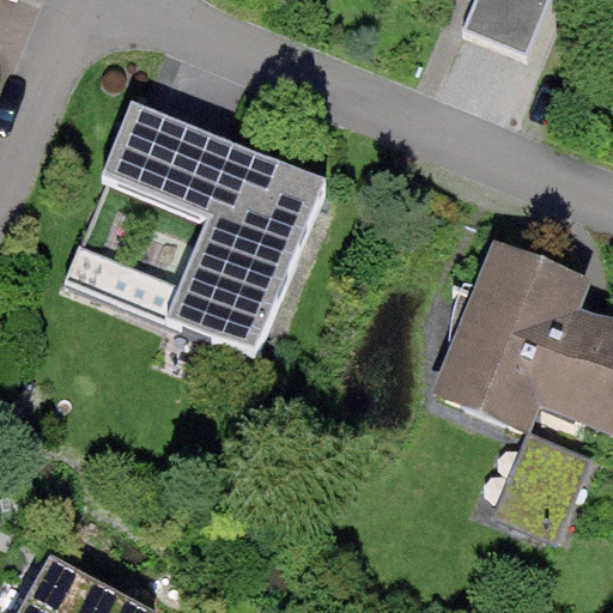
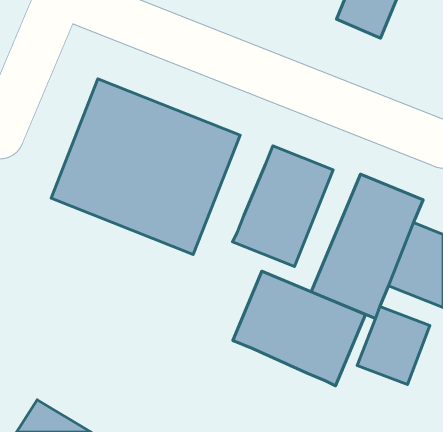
building: none -> [233,146,333,266]
building: none -> [233,271,365,386]

